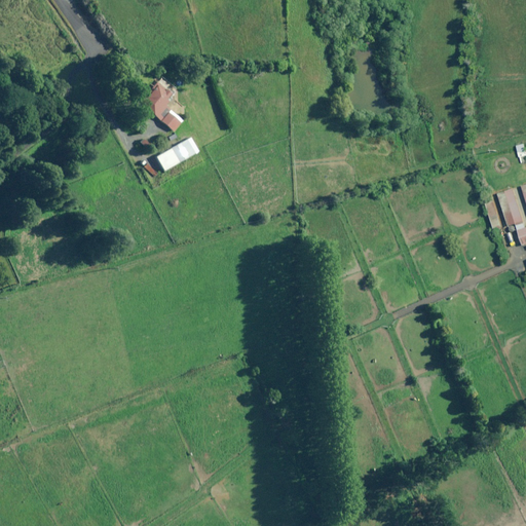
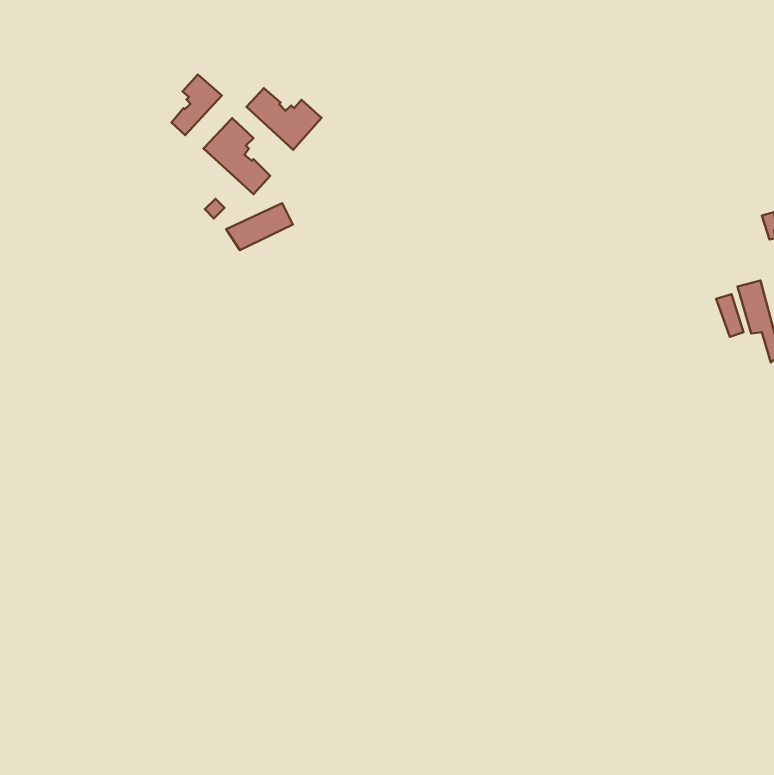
building: none -> [171,74,222,135]
building: none -> [247,88,321,150]

